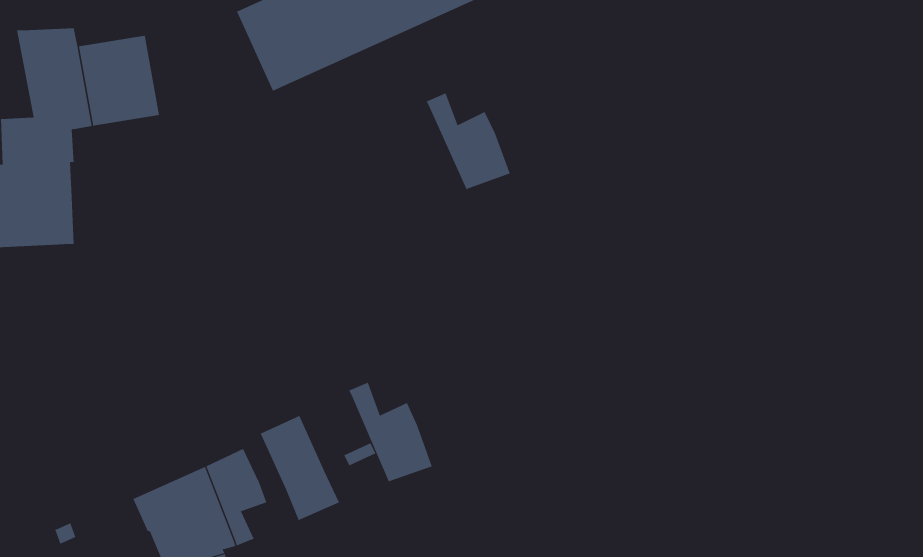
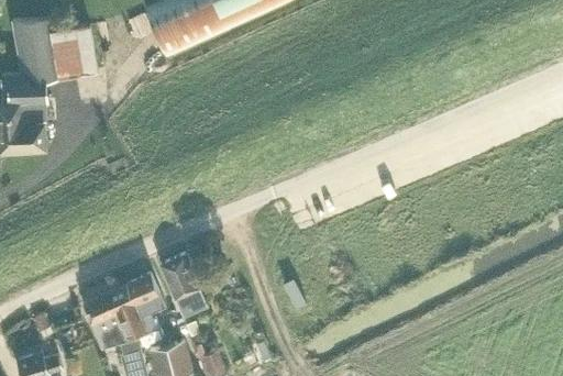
building: [426,92,510,190] -> none
building: [348,382,433,482] -> none

